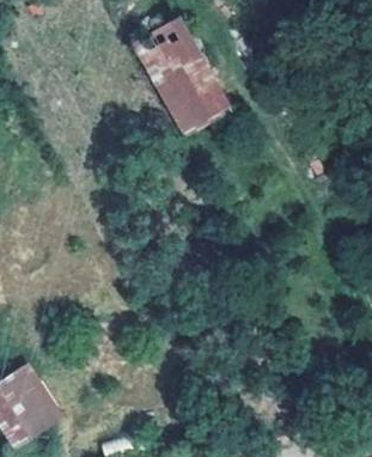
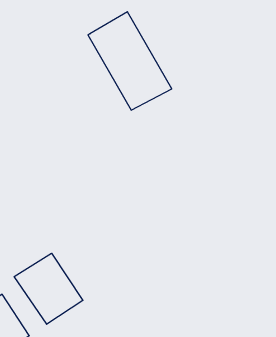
building: none -> [14,253,83,324]

